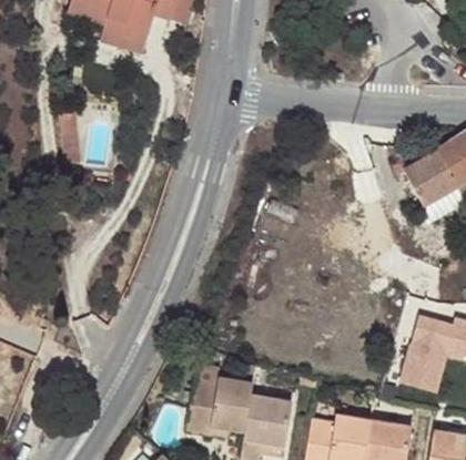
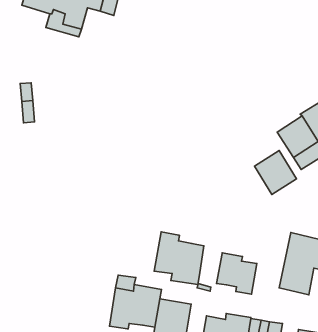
building: none -> [255,151,297,194]
building: none -> [154,232,204,284]
building: none -> [216,253,257,294]

